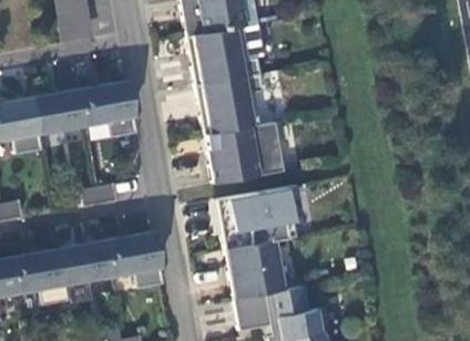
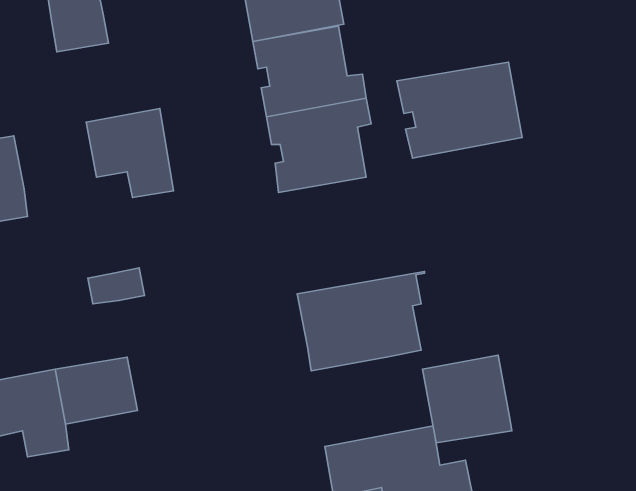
building: [34,89,88,132] -> none
building: [205,122,286,184] -> [397,62,522,158]
building: [108,231,165,288] -> none
building: [226,240,284,297] -> [422,355,512,443]

